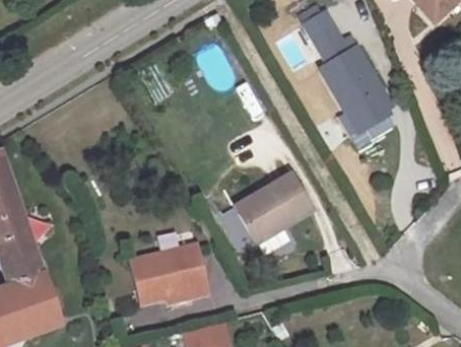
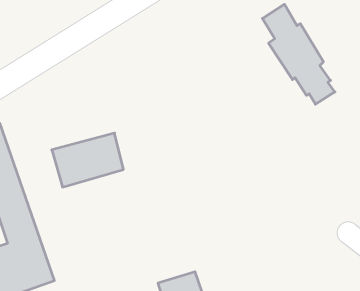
building: [235,175,313,247] -> none
building: [124,244,206,305] -> [52,133,123,187]

